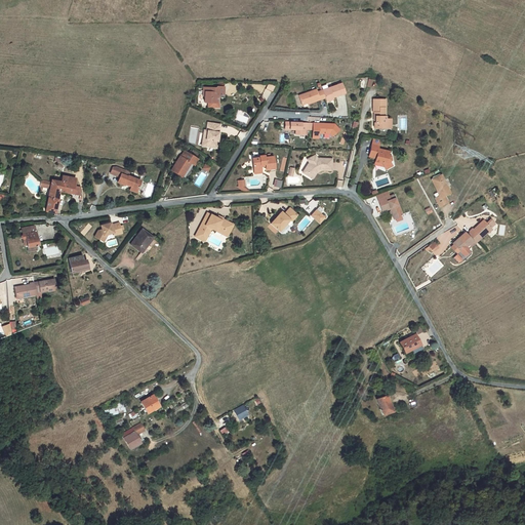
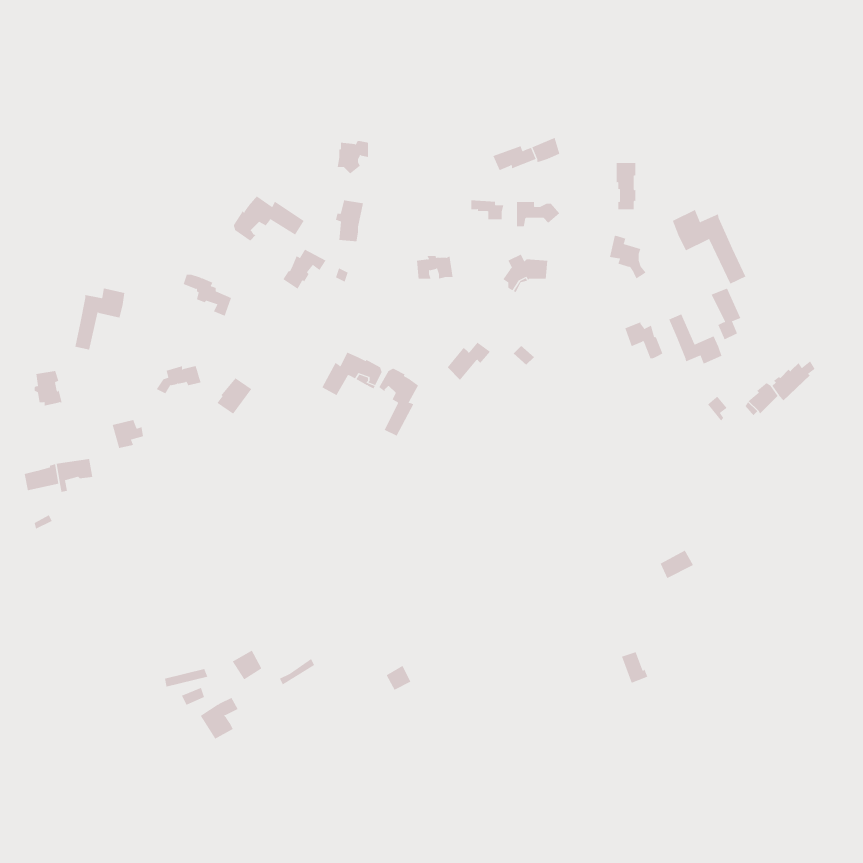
building: none -> [233,196,305,242]
building: none -> [672,209,746,285]
building: none -> [668,314,722,365]
building: none -> [379,368,419,437]

